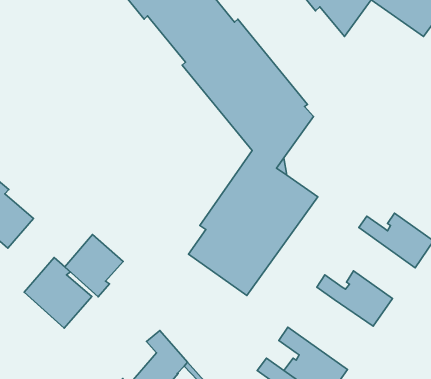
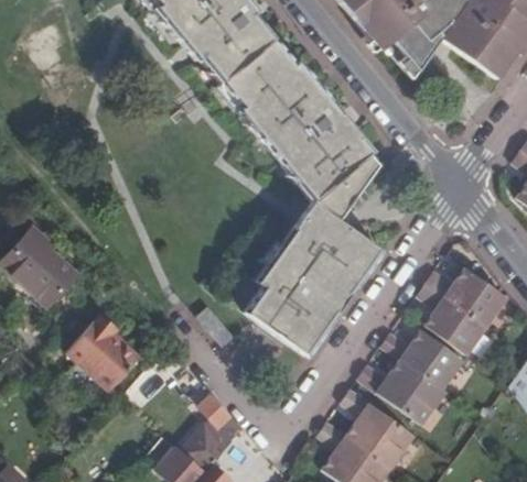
building: none -> [418,282,488,353]
building: [65,234,123,297] -> none
building: none -> [359,359,447,423]

